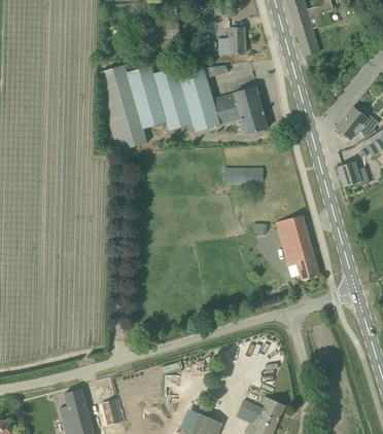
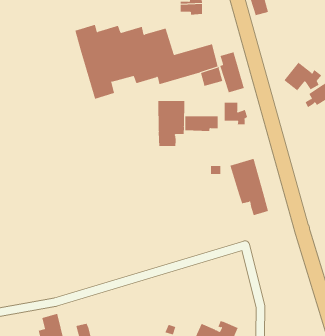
building: none -> [219,52,244,93]
building: none -> [158,100,185,147]
building: none -> [224,102,248,125]
building: [338,160,370,186] -> none

